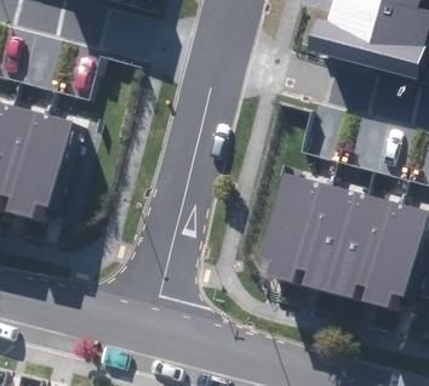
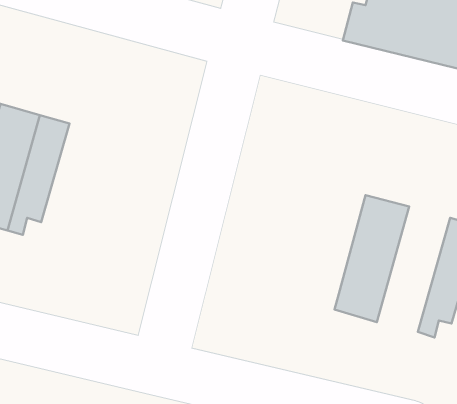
building: [258,174,327,282] -> none
building: [337,194,400,302] -> none

